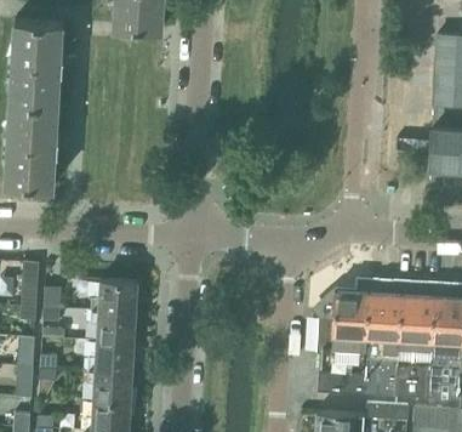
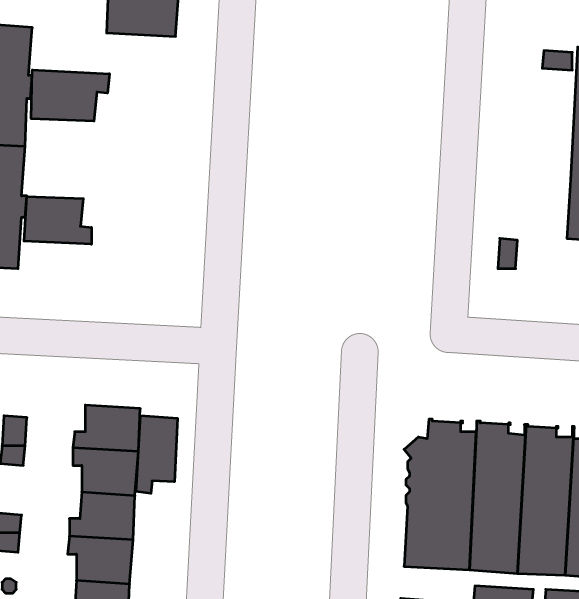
building: none -> [31,70,109,121]
building: none -> [24,196,91,244]
building: none -> [136,416,177,493]

